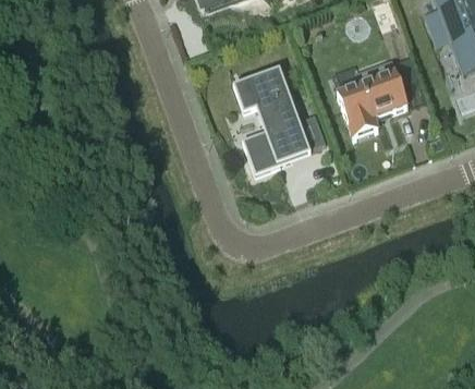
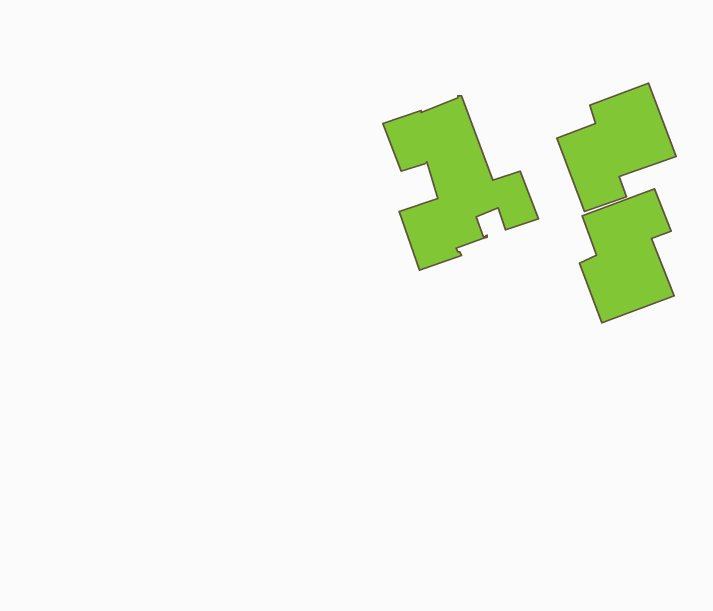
building: none -> [579,189,674,323]

